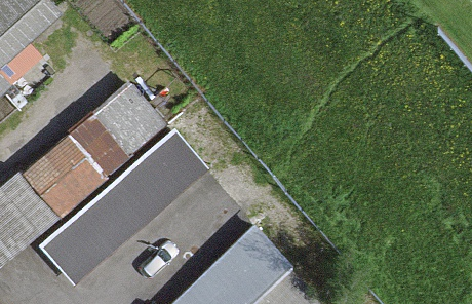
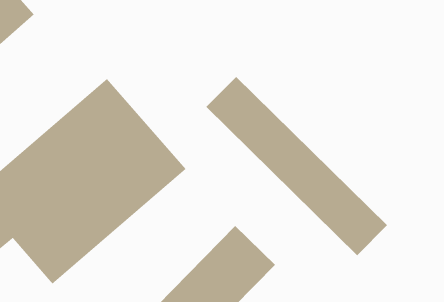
building: none -> [206,76,388,256]

